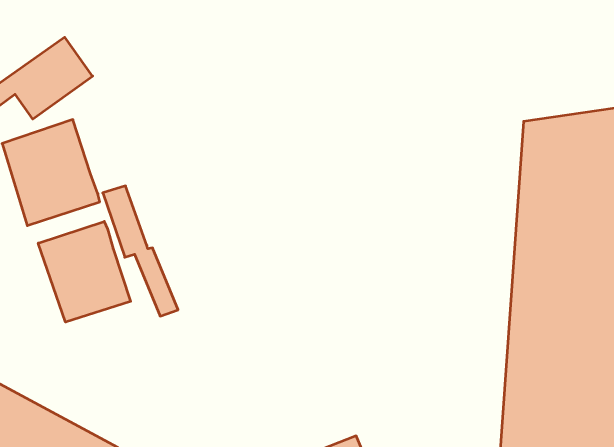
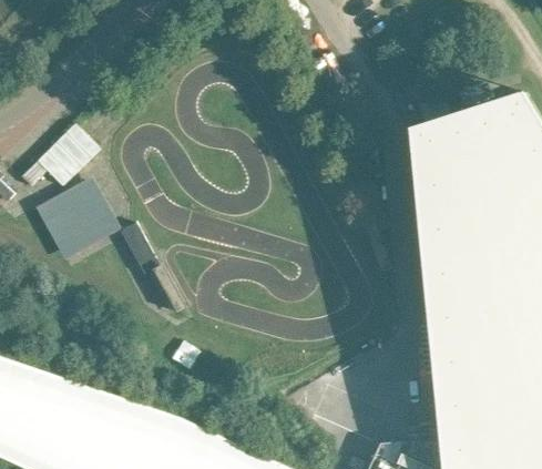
building: [38,221,131,322] -> none

